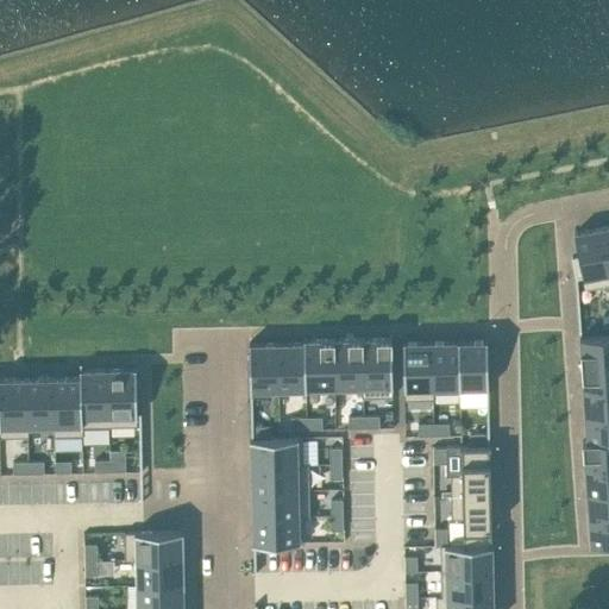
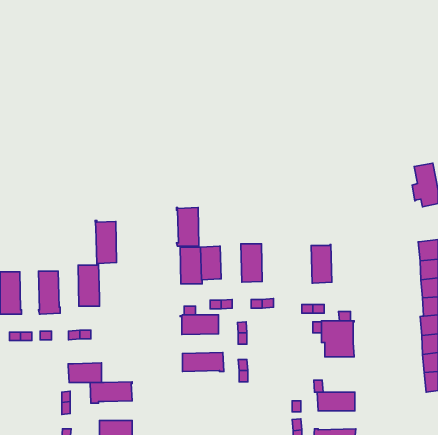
building: [363,341,394,401] -> none
building: [304,343,335,396] -> [177,208,199,246]
building: [459,343,489,396] -> none
building: [403,345,434,403] -> none
building: [80,371,109,431] -> [95,221,117,263]
building: [27,381,55,434] -> none
building: [252,466,309,495] -> none
building: [451,500,494,548] -> none
building: [252,519,306,547] -> none
building: [137,560,183,588] -> [68,363,102,383]
building: [441,575,494,601] -> none

